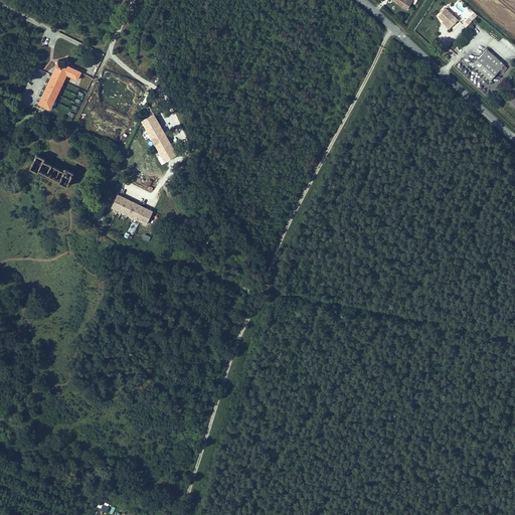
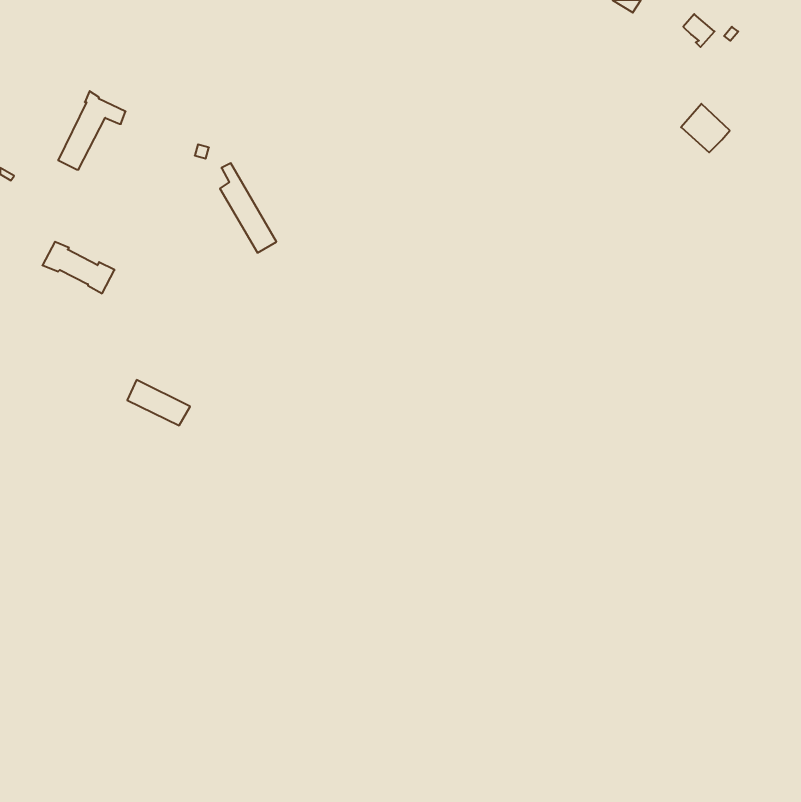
building: [473,49,504,80] -> [681,104,730,152]
building: [112,194,152,223] -> [127,380,190,425]

